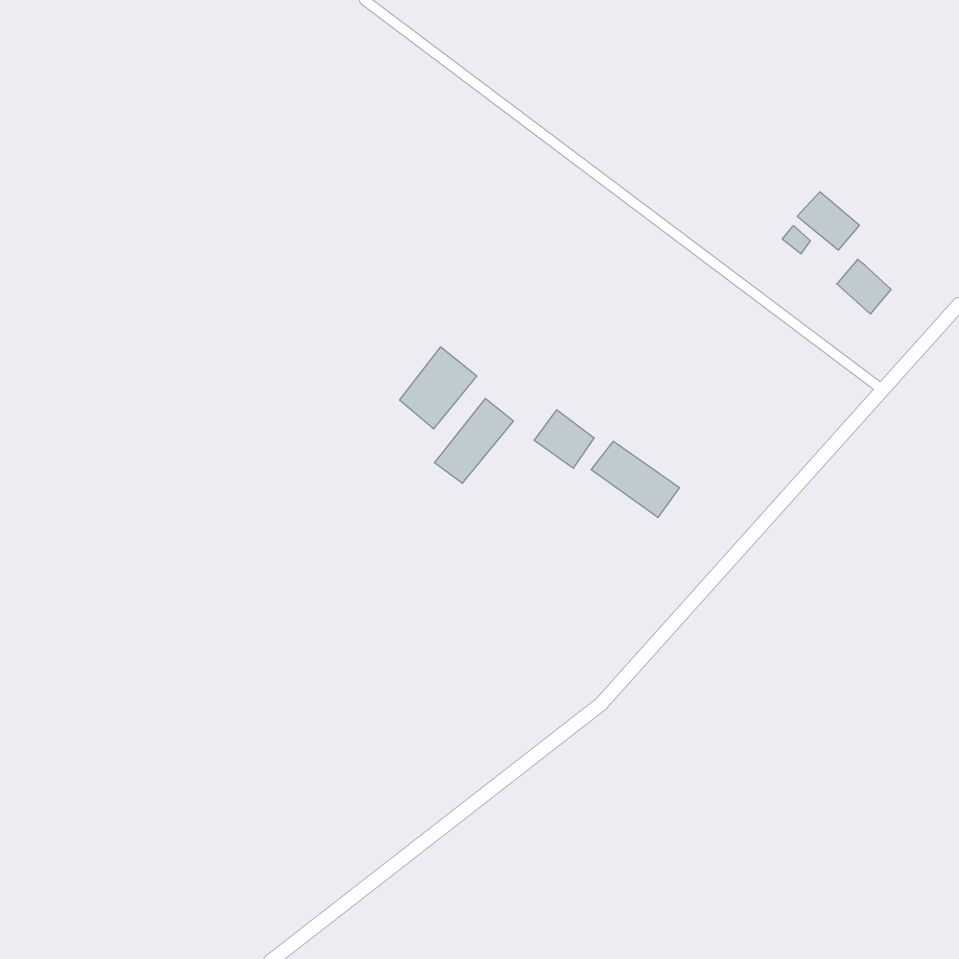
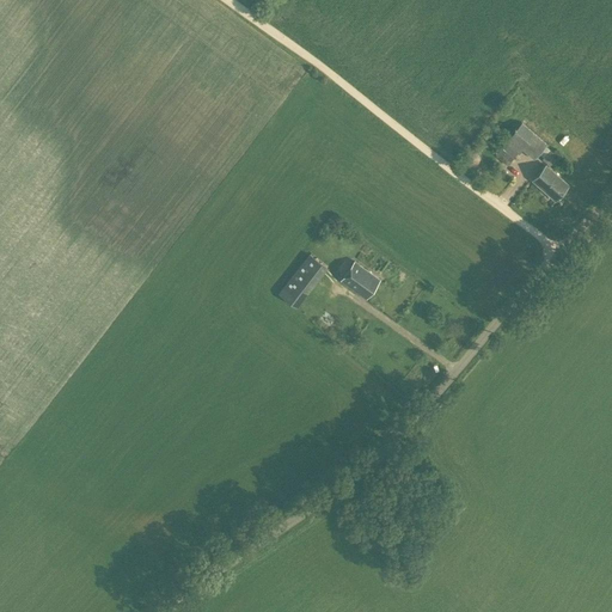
building: [400,347,477,429] -> none
building: [591,441,679,518] -> none

